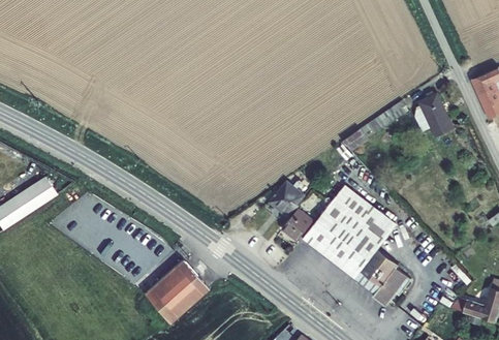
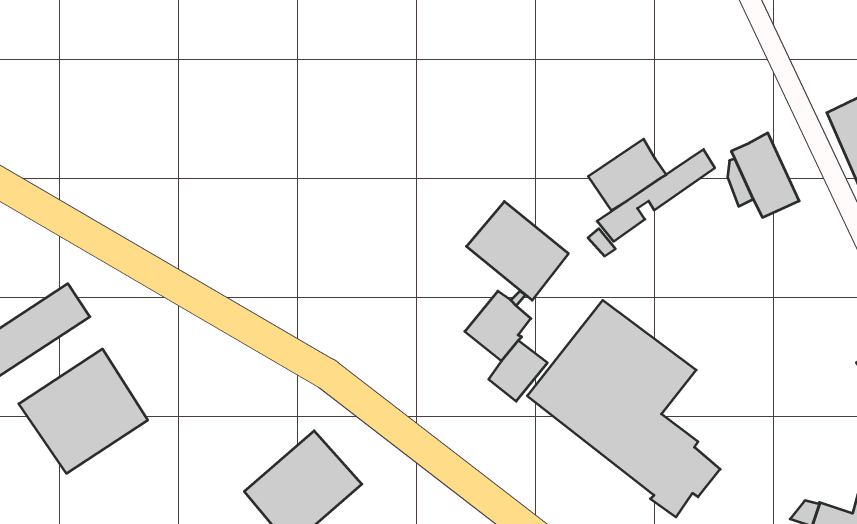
building: none -> [588,139,666,210]
building: none -> [466,201,568,300]
building: none -> [19,349,148,473]

